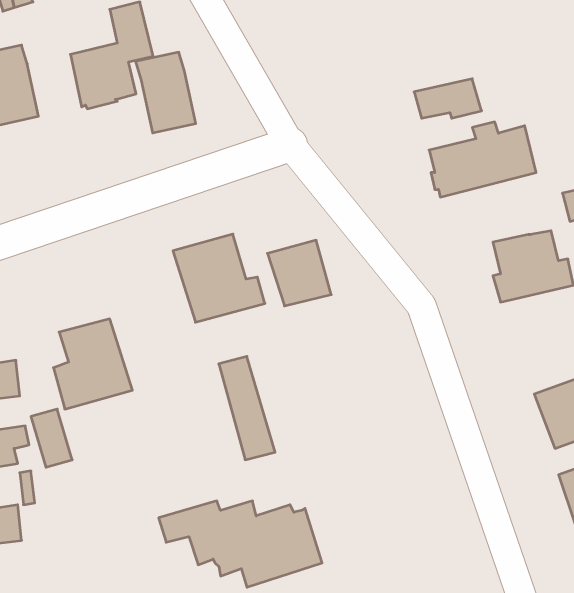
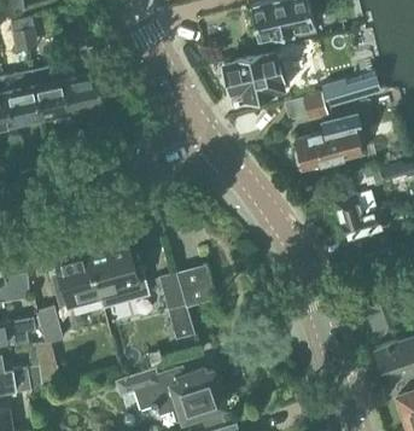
building: none -> [223,53,290,103]
building: none -> [323,74,381,112]
building: [136,52,196,133] -> [31,68,70,120]
building: [173,234,265,322] -> [88,239,147,296]
building: [267,240,331,306] -> [176,266,217,308]

